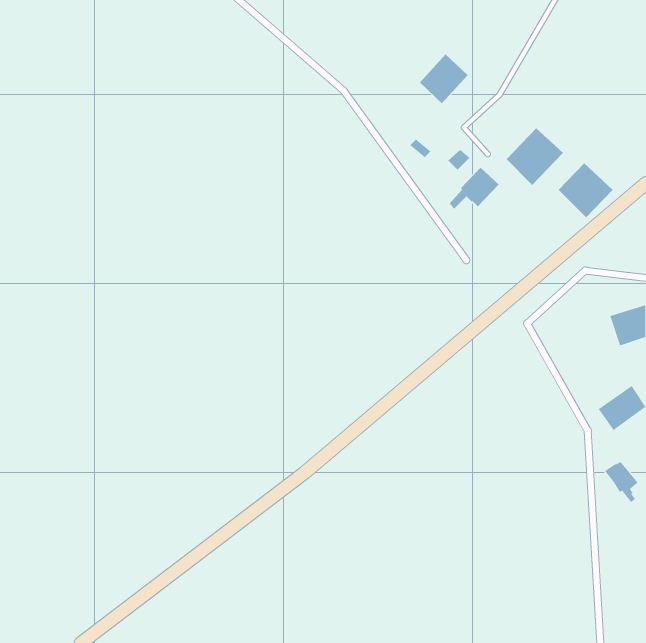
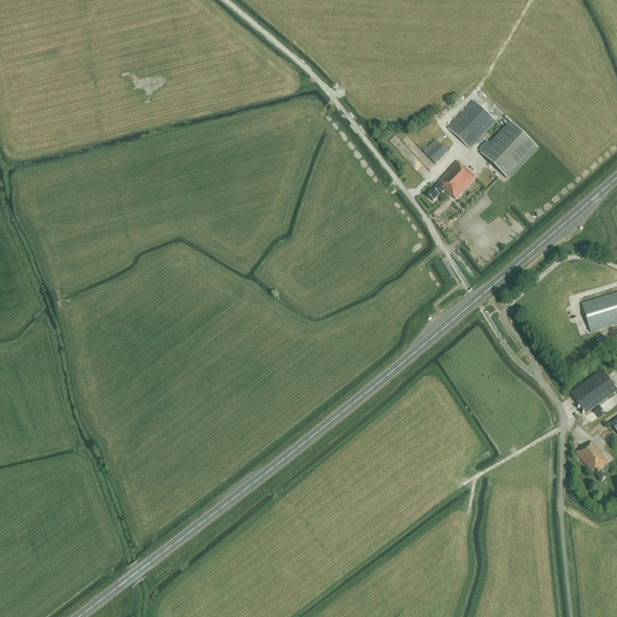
building: [419,54,468,104] -> [448,99,495,147]
building: [558,163,613,218] -> none

